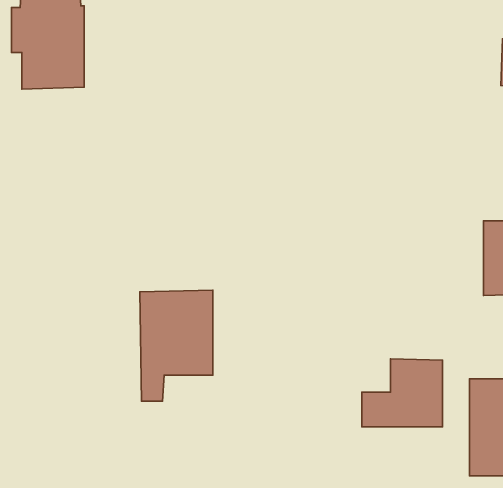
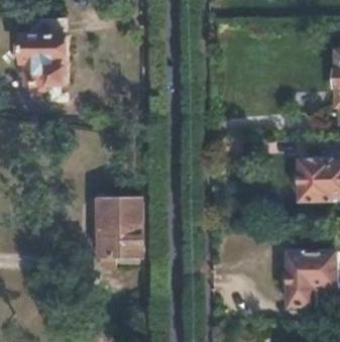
building: [362,359,443,427] -> none

